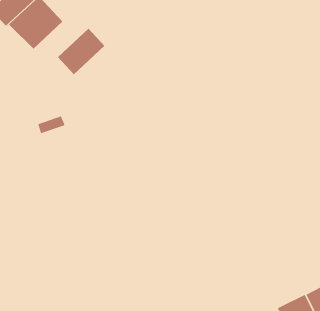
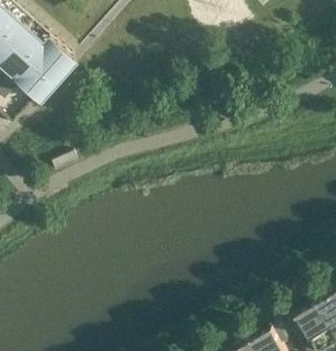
building: [57,28,105,75] -> none

